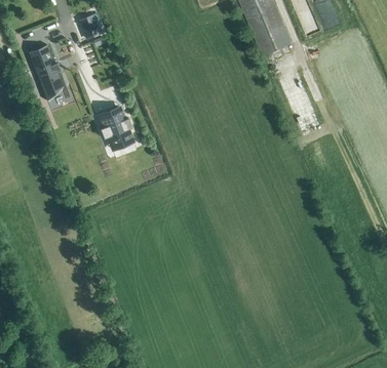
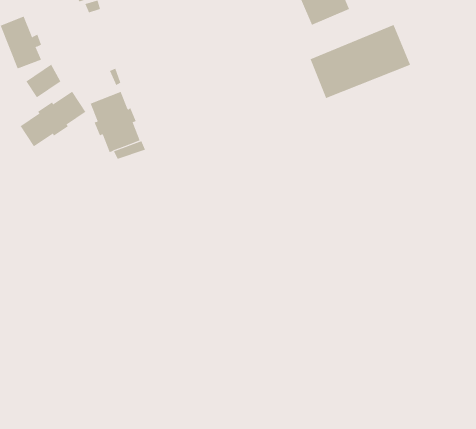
building: none -> [310,24,411,99]
building: none -> [20,91,86,147]

